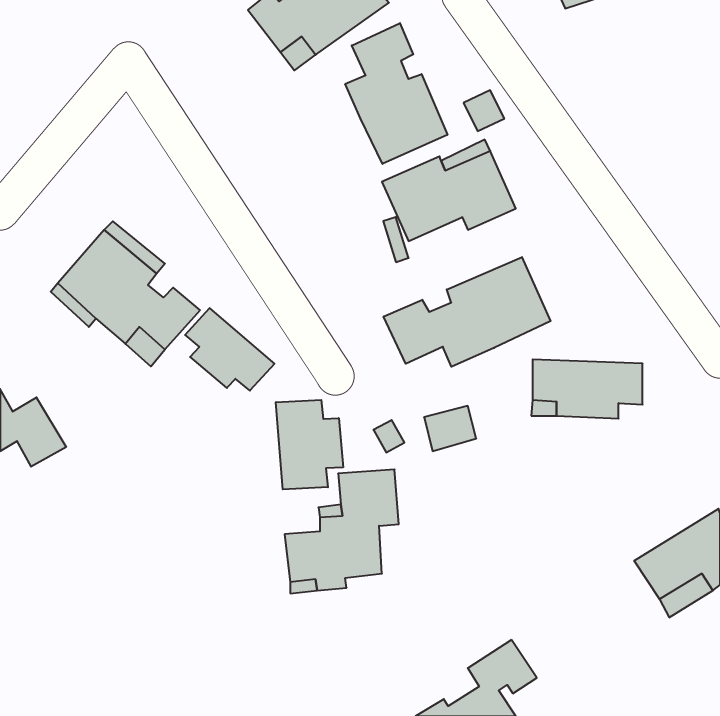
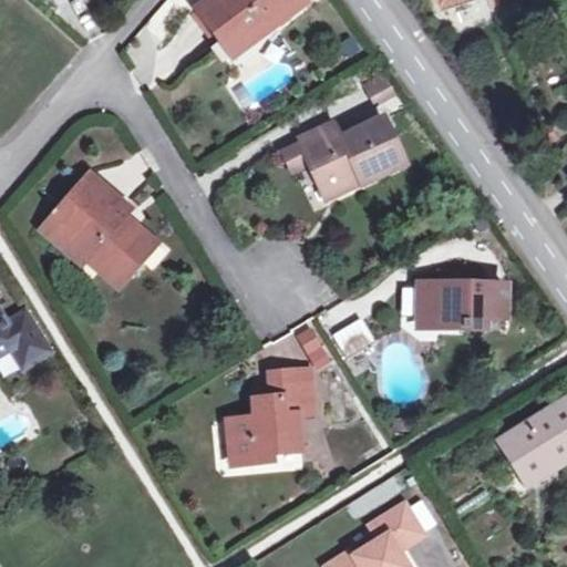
building: [345,23,447,164] -> none
building: [384,257,551,367] -> none
building: [185,308,274,391] -> none
building: [276,400,343,489] -> none

